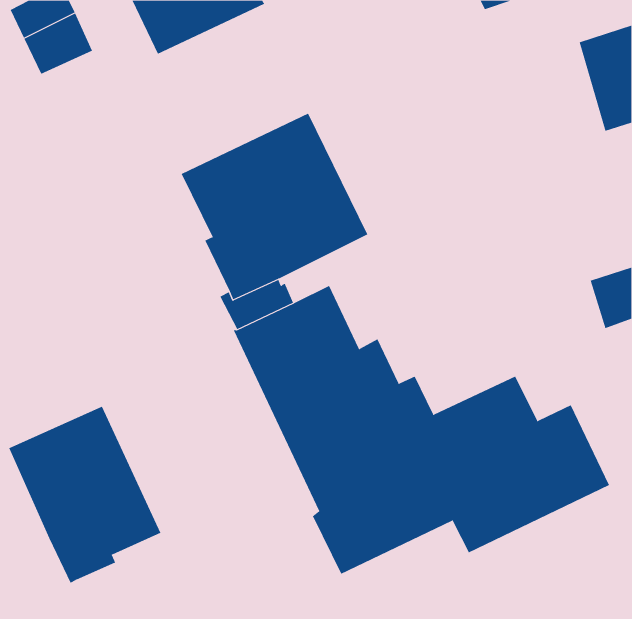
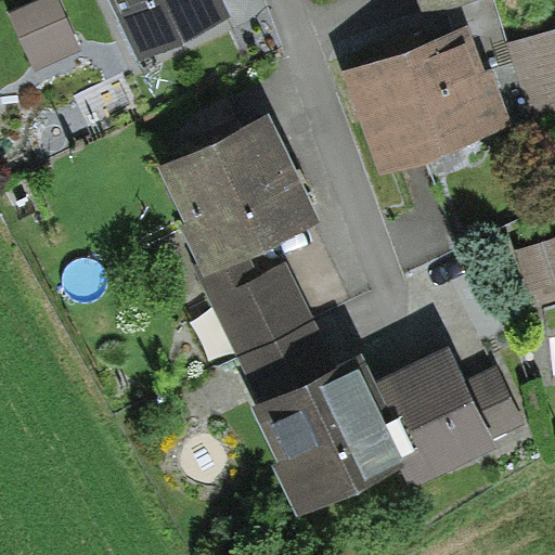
building: none -> [341,26,513,176]
building: [8,406,161,584] -> none

